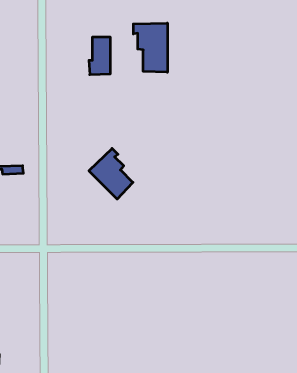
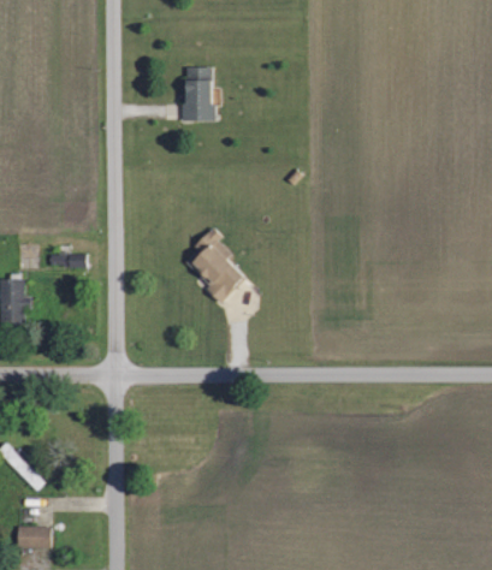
building: [133,23,167,72] -> none

